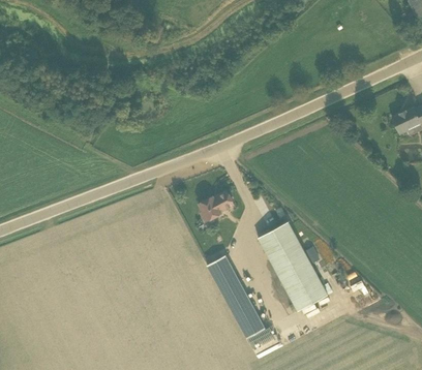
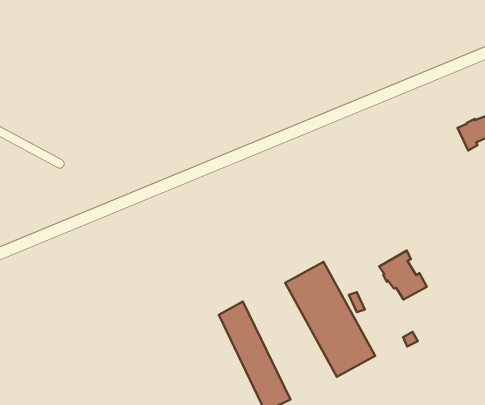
building: [199,190,234,221] -> none
building: none -> [379,251,427,300]

